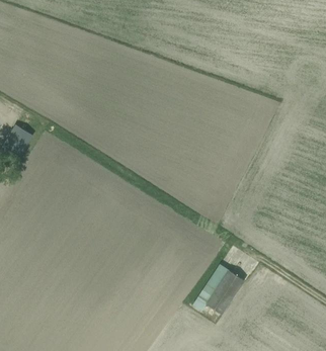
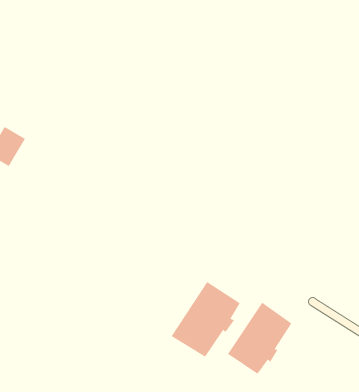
building: none -> [171,281,241,358]

